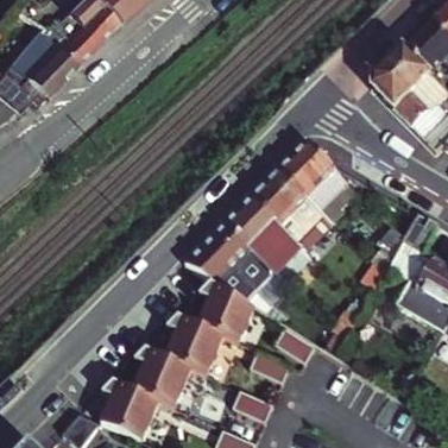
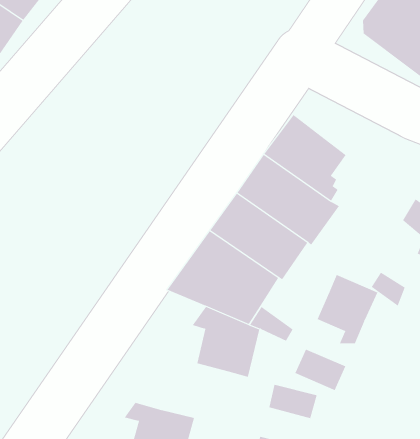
building: none -> [317,274,378,344]
building: [165,316,222,376] -> none

